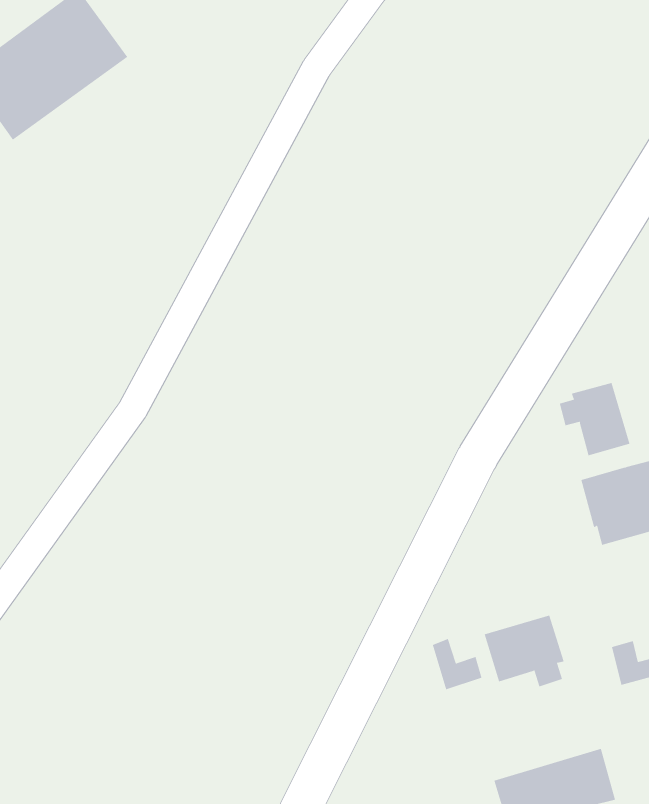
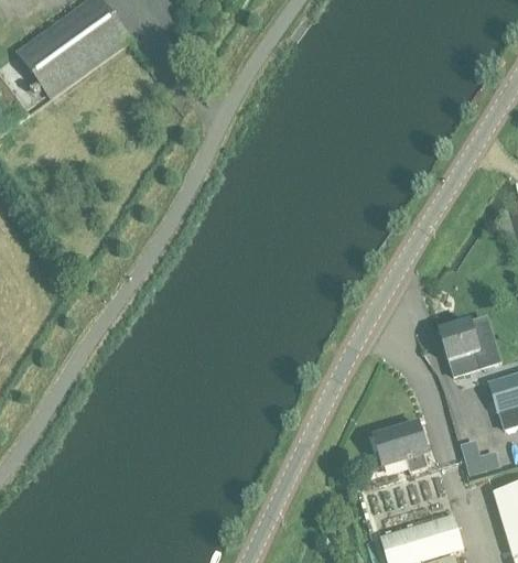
building: [559,382,630,456] -> none
building: [432,638,482,690] -> none

